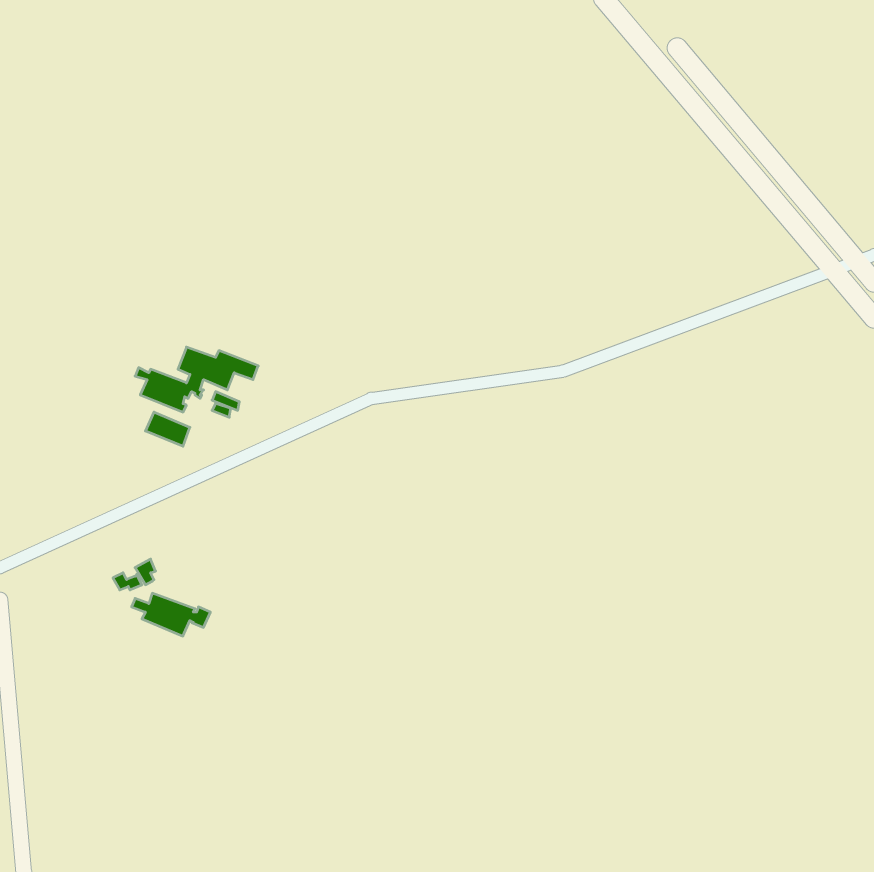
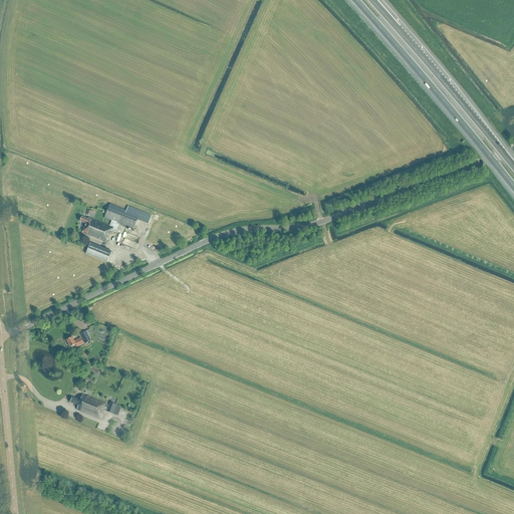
building: [132,593,210,636] -> [70,394,116,419]

